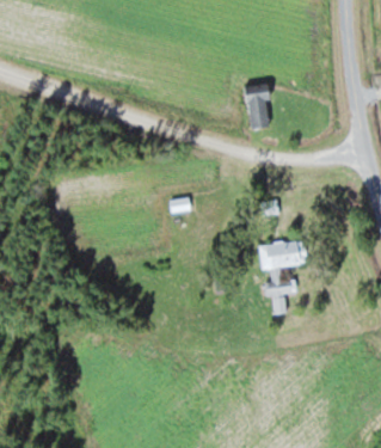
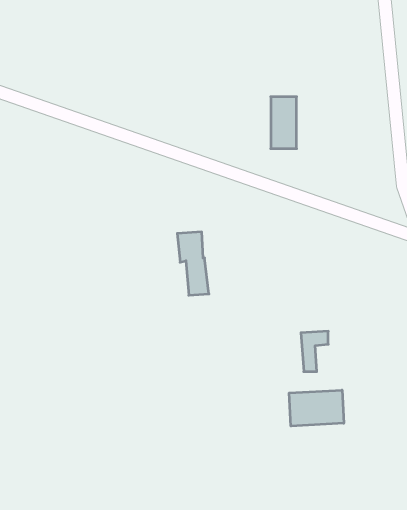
building: [260,243,303,266] -> none
building: none -> [289,390,344,426]

